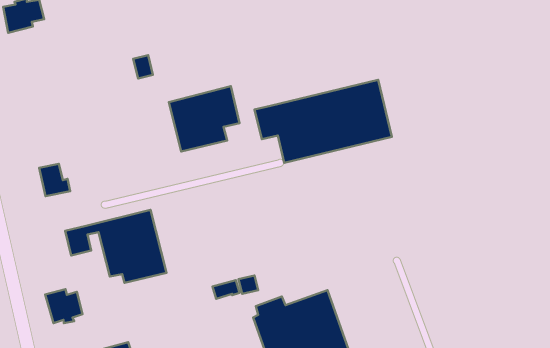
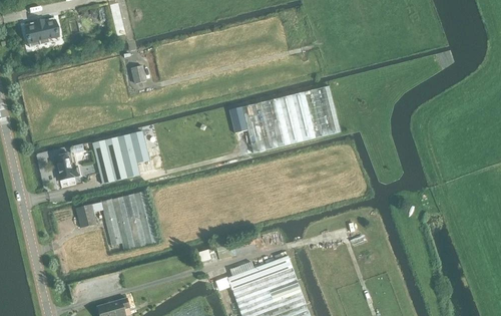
building: [169,86,239,152] -> [92,130,149,184]
building: [45,289,82,323] -> none

